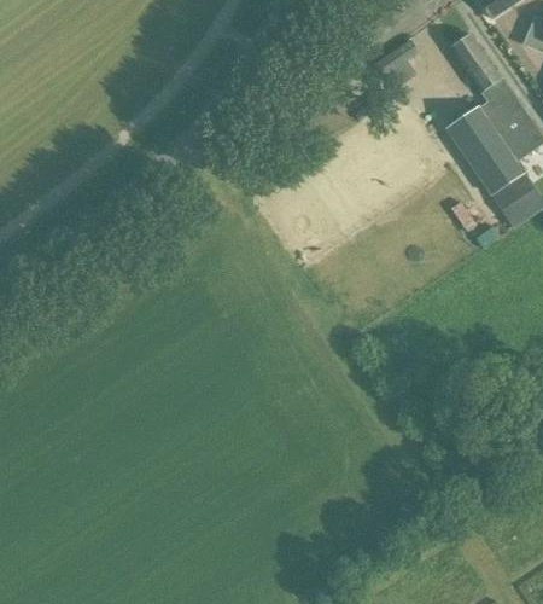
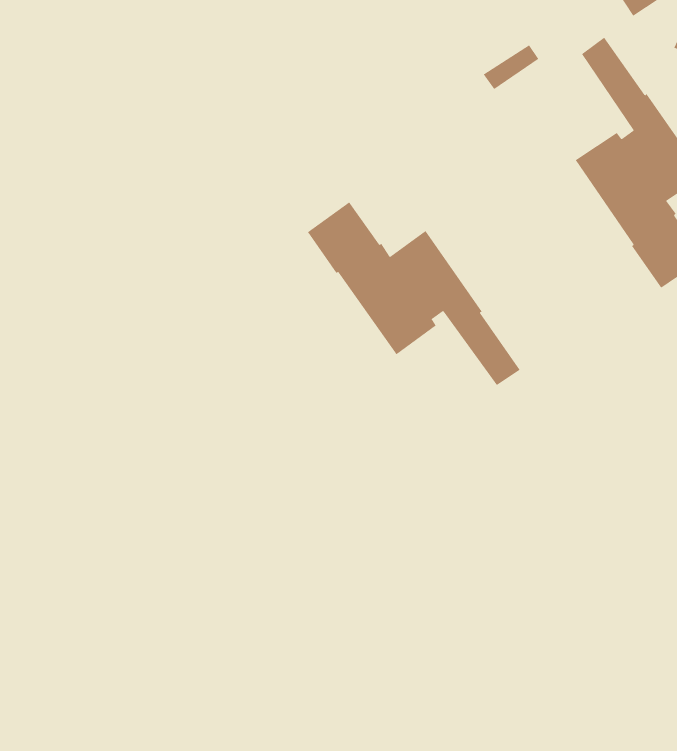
building: none -> [307,202,520,386]

